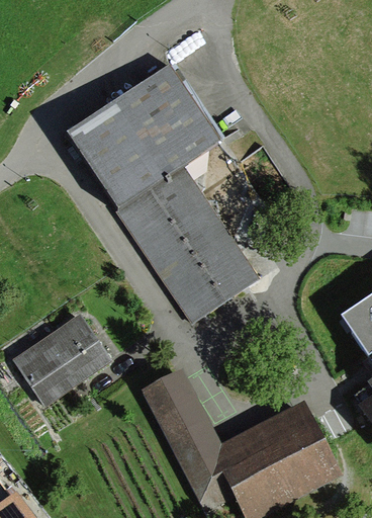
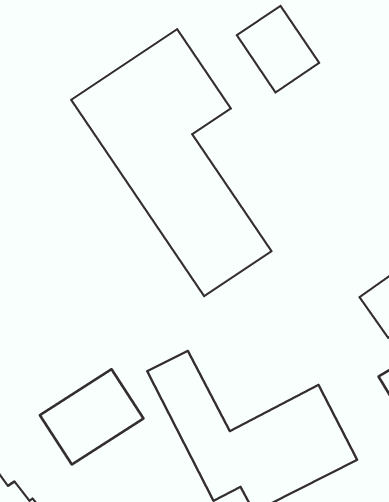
building: none -> [237,6,319,92]
building: [14,314,112,404] -> [40,369,144,464]

